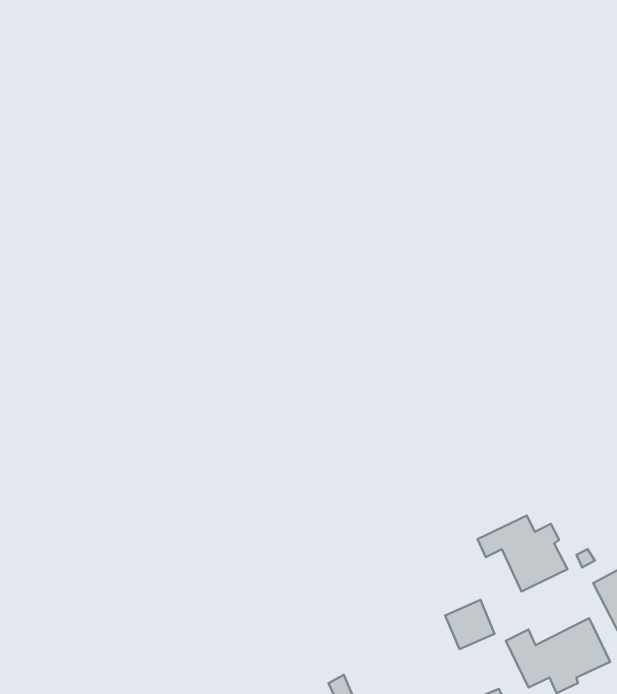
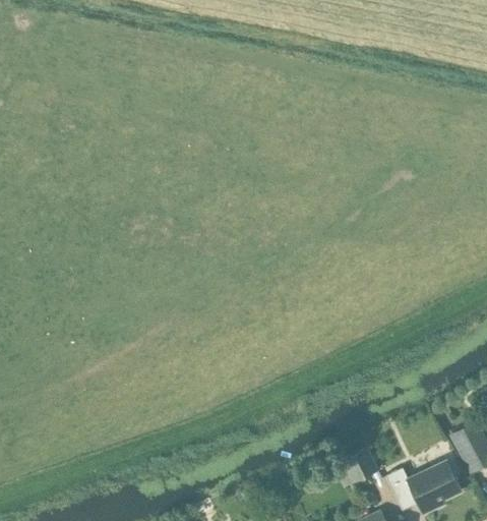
building: [478,516,568,592] -> none

